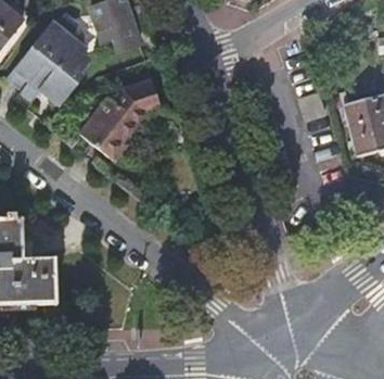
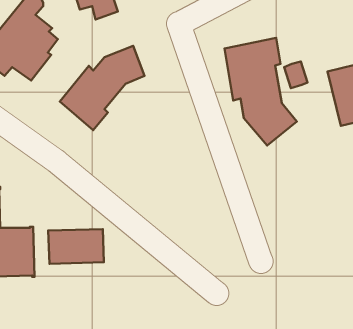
building: none -> [224,38,297,146]
building: none -> [48,229,104,264]

